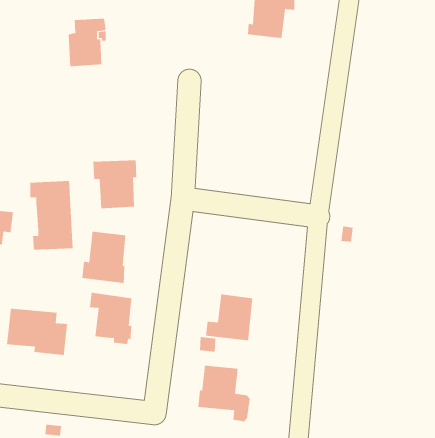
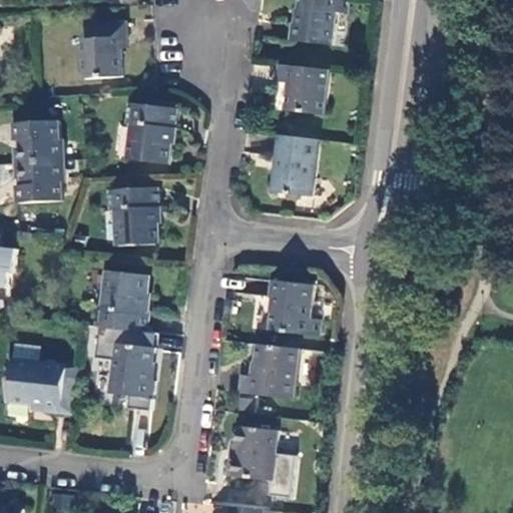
building: none -> [273,63,328,113]
building: none -> [125,103,176,163]
building: none -> [271,133,317,195]
building: [30,181,73,250] -> [10,120,61,201]
building: none -> [270,279,321,335]

